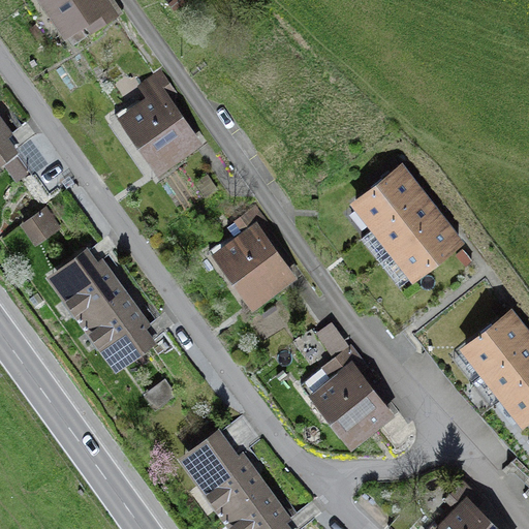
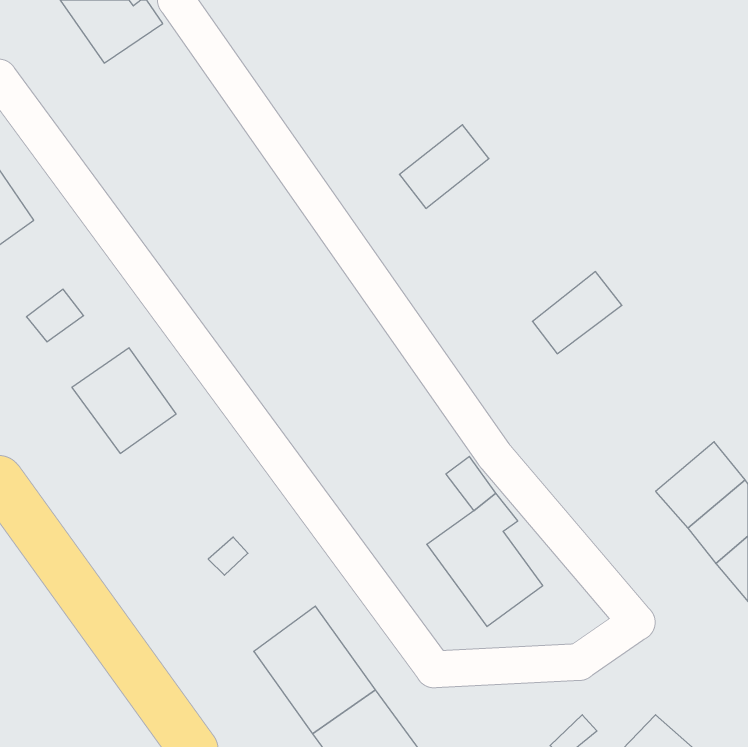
building: [123,74,203,169] -> none
building: [356,169,419,228] -> [399,125,489,208]
building: [393,217,460,280] -> none
building: [212,220,293,305] -> none
building: [85,293,159,370] -> none

